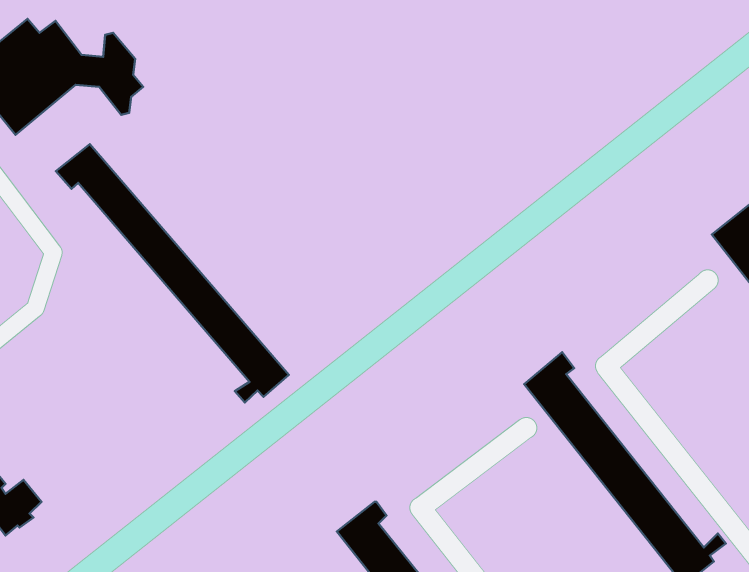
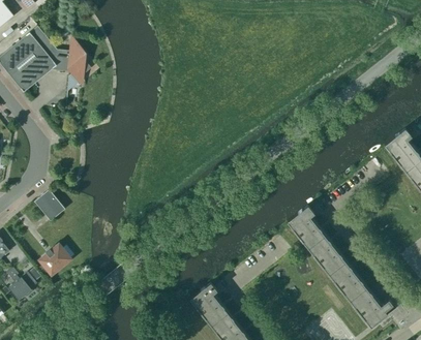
building: [56,144,289,403] -> none
building: none -> [34,188,65,220]
building: none -> [38,245,69,274]

